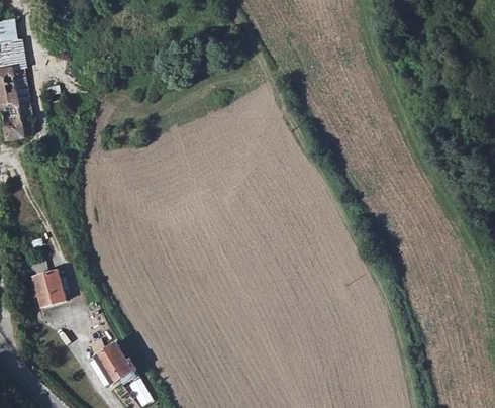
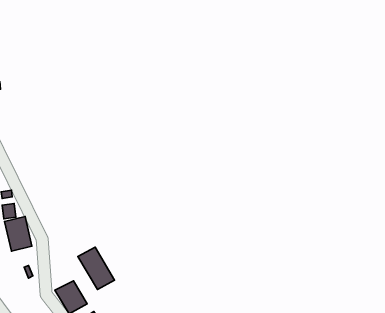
building: none -> [78,247,115,290]

